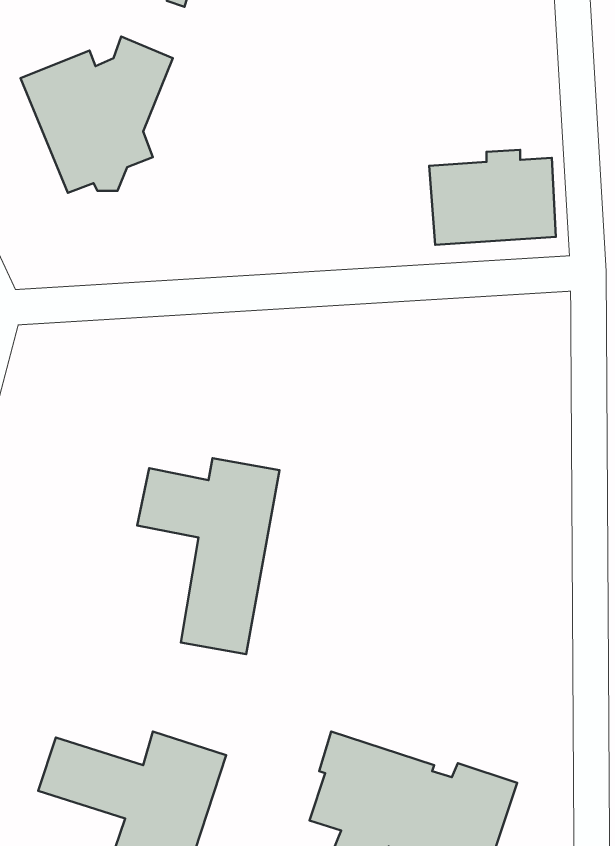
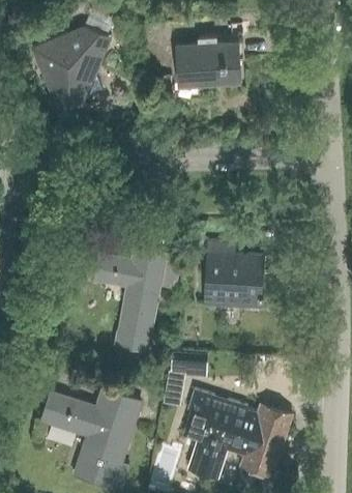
building: [429,150,556,245] -> [175,36,241,86]
building: none -> [204,241,263,307]
building: none -> [164,352,206,405]

